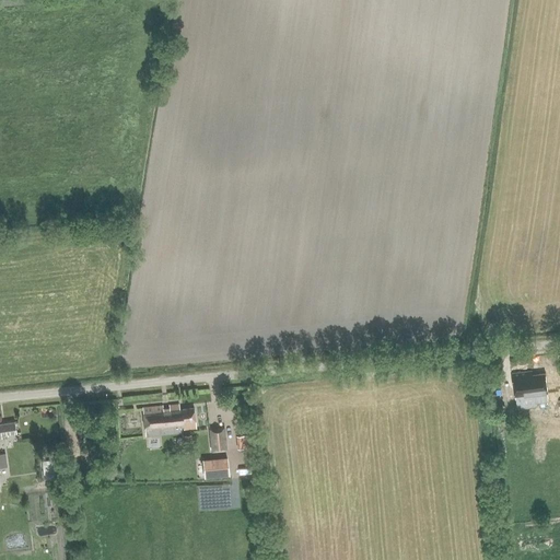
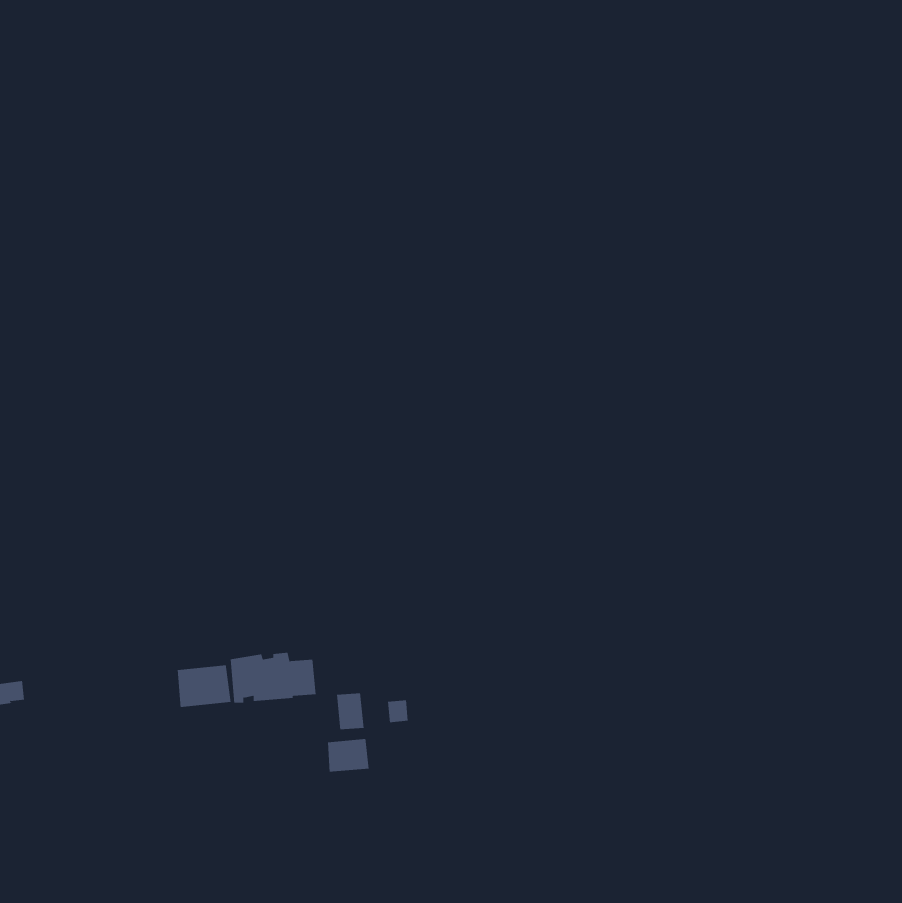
building: [511,371,547,400] -> none
building: none -> [177,664,231,708]

